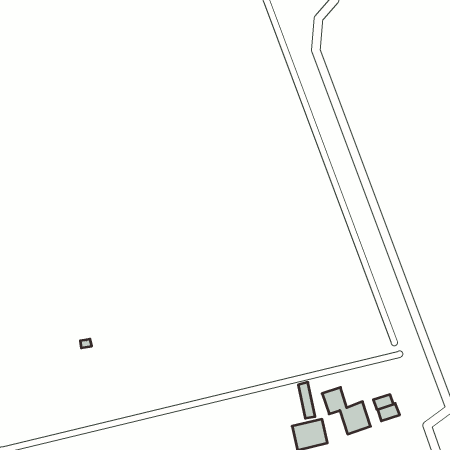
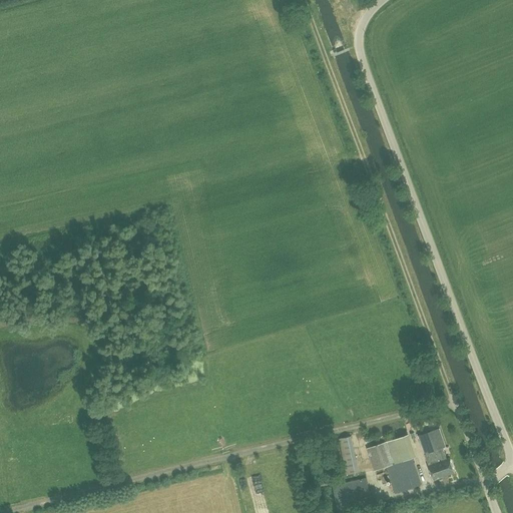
building: none -> [417,428,446,455]
building: none -> [387,435,413,464]

